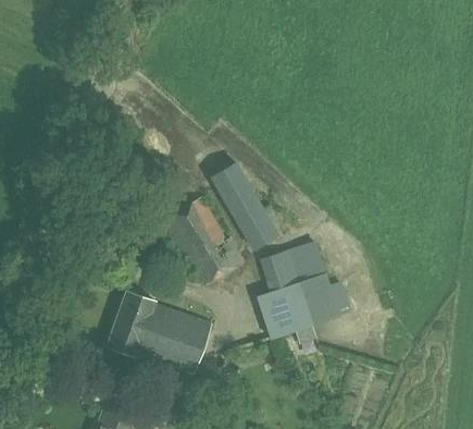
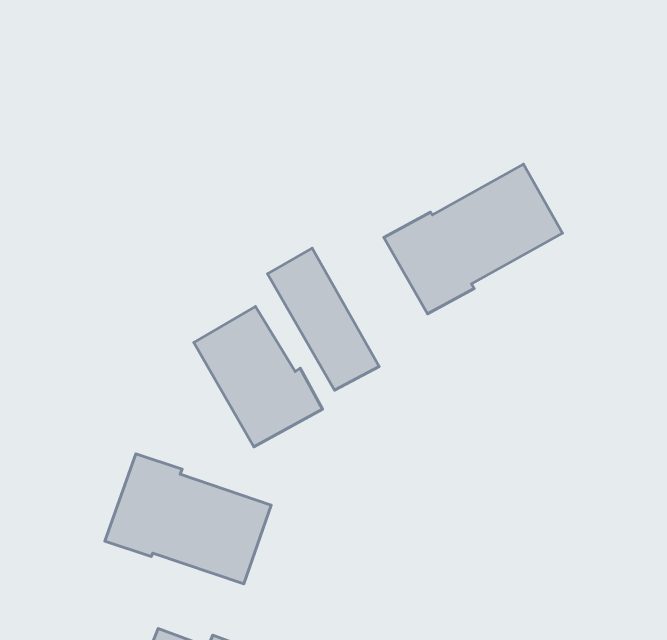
building: none -> [384,164,563,314]
building: [258,242,339,339] -> none

